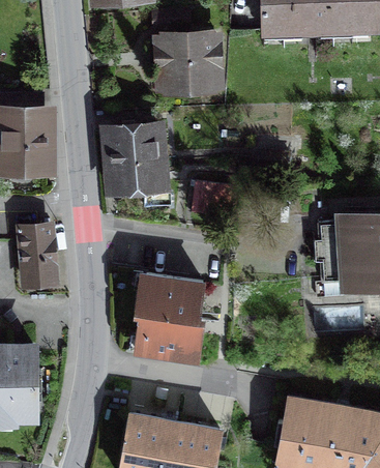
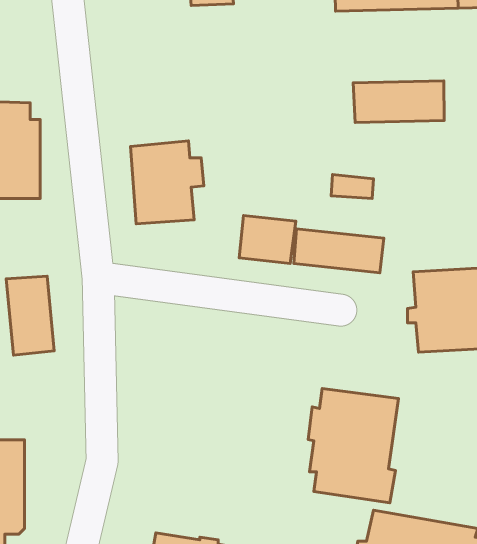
building: [164,37,213,87] -> none
building: none -> [353,81,444,122]
building: none -> [294,229,384,273]
building: [137,274,203,358] -> [308,389,398,503]

